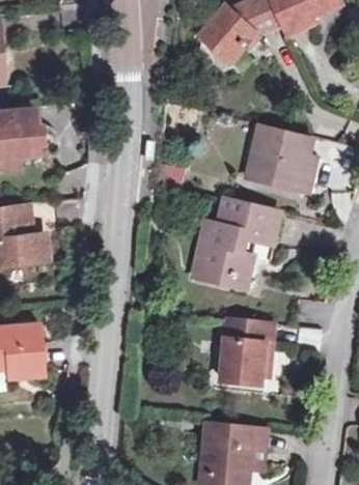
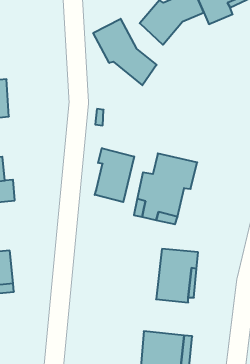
building: none -> [93,19,157,85]
building: [246,126,319,195] -> none
building: none -> [95,148,134,202]

